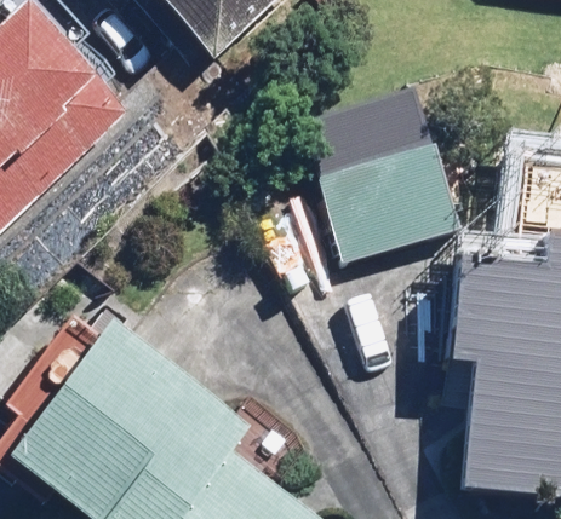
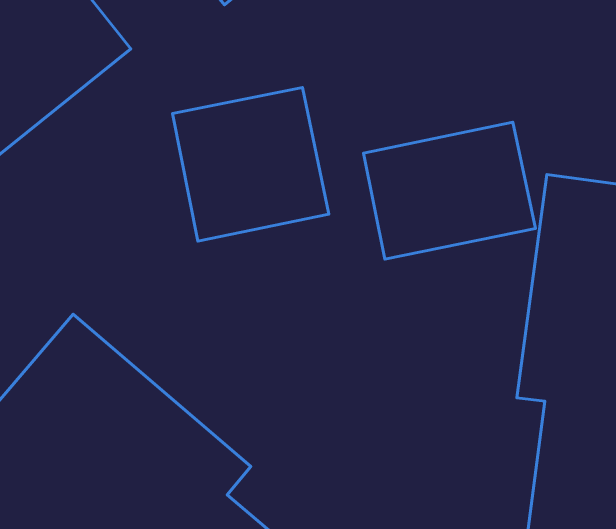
building: none -> [173,87,329,241]

